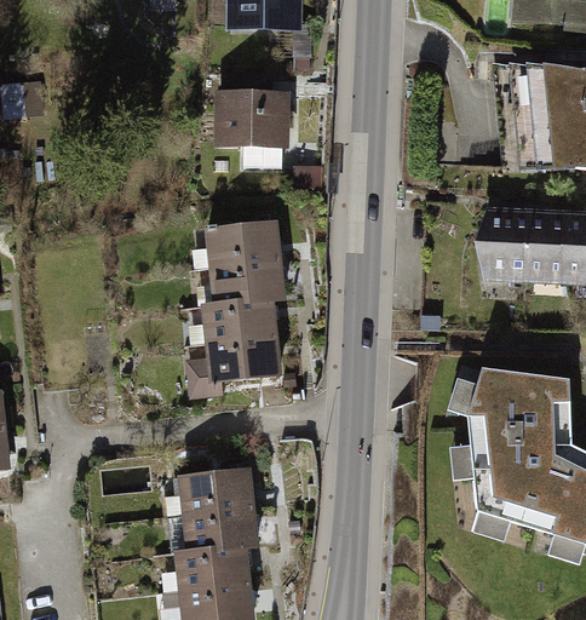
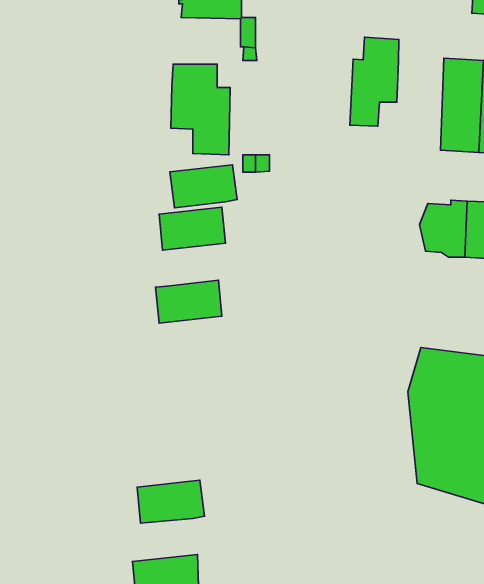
building: none -> [350,37,399,126]
building: [213,259,283,304] -> [170,165,237,208]
building: [190,335,278,392] -> none
building: [183,469,252,513] -> none
building: [179,546,249,591] -> none

